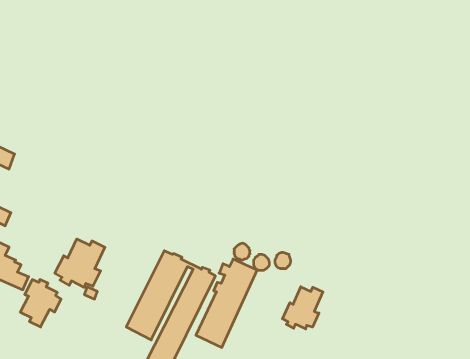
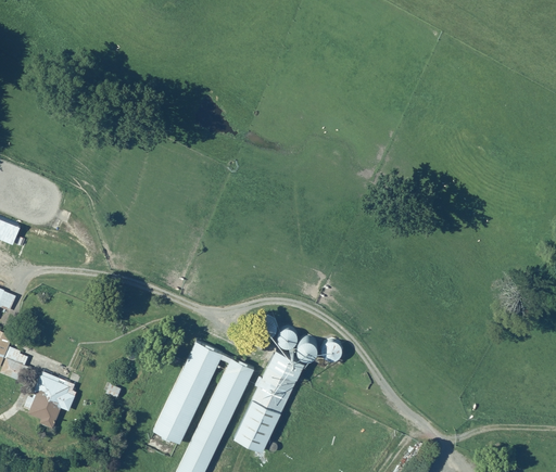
building: [55,239,105,287] -> none
building: [282,287,323,329] -> none

